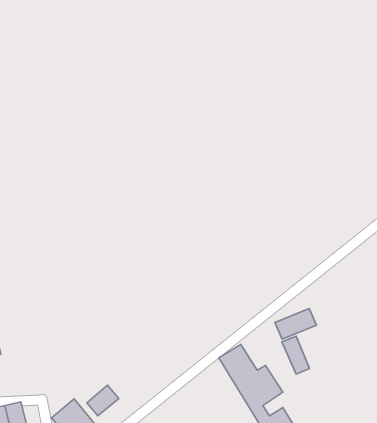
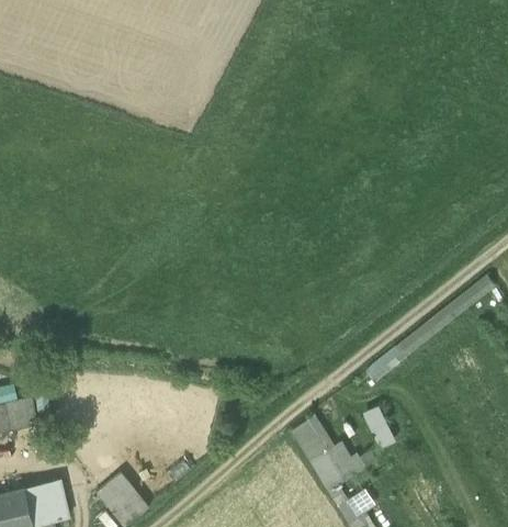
building: [275,308,316,339] -> none
building: [87,385,119,416] -> none

